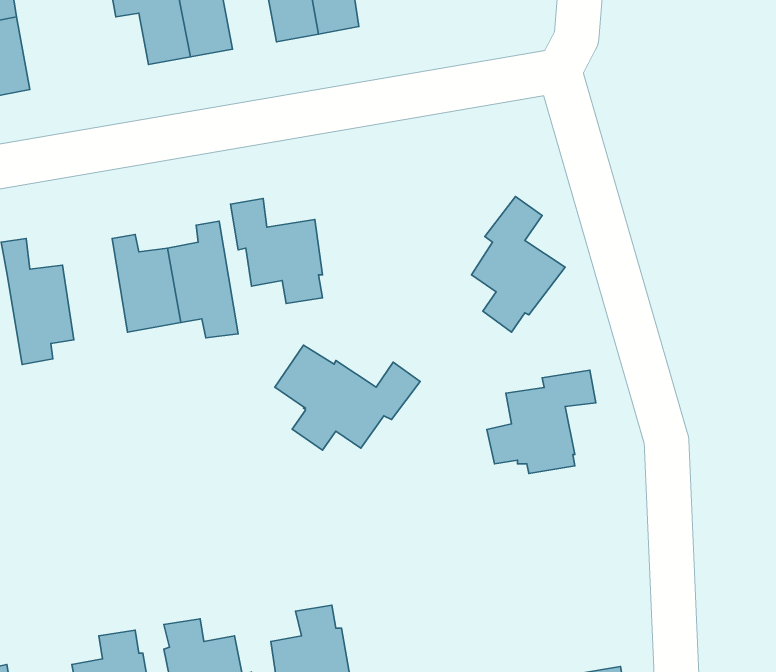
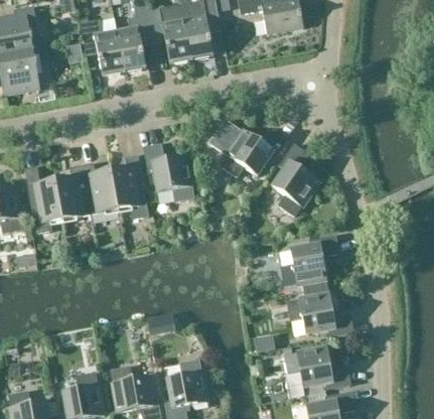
building: none -> [56,166,91,220]
building: [275,345,420,450] -> [211,121,288,176]
building: none -> [287,286,352,334]
building: none -> [284,344,349,389]

